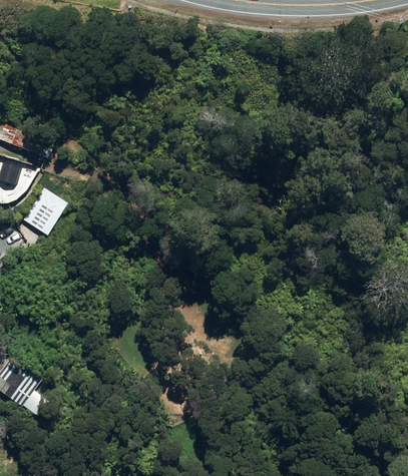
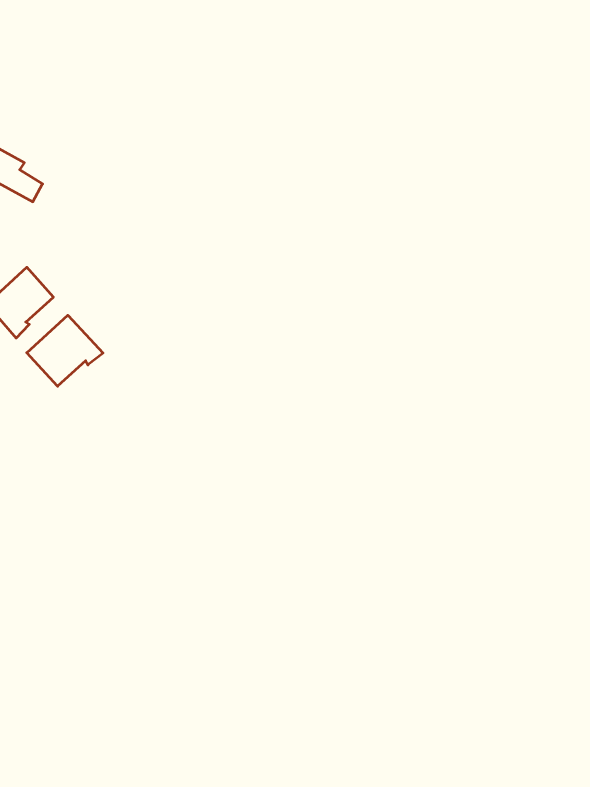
building: none -> [27,315,103,386]

